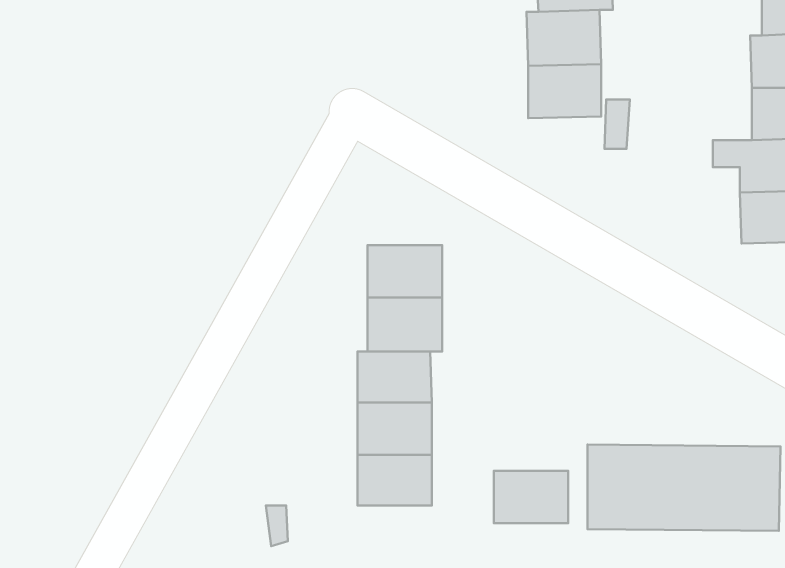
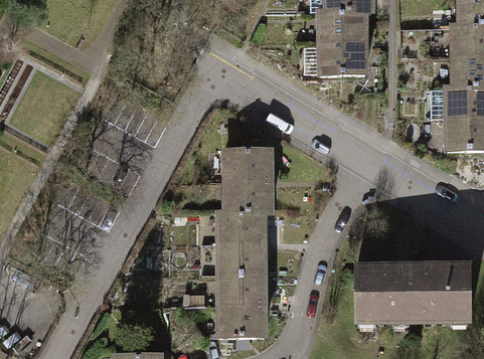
building: [494,471,568,523] -> [219,306,264,337]

